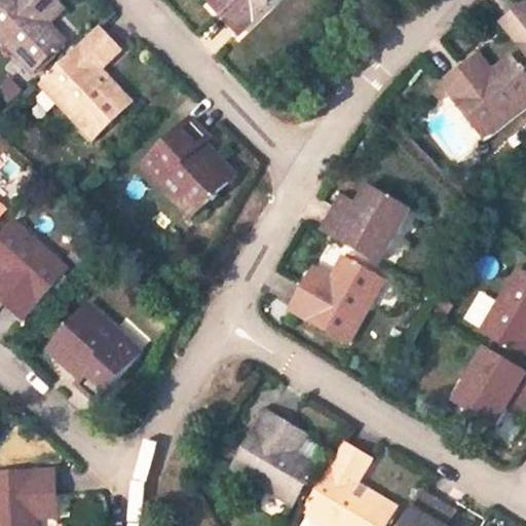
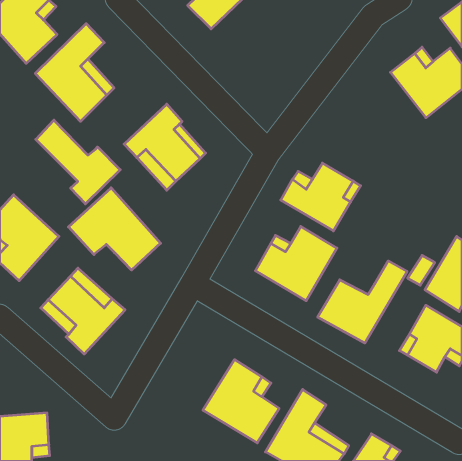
building: none -> [36,120,120,204]
building: none -> [68,188,161,270]
building: none -> [318,261,407,343]

